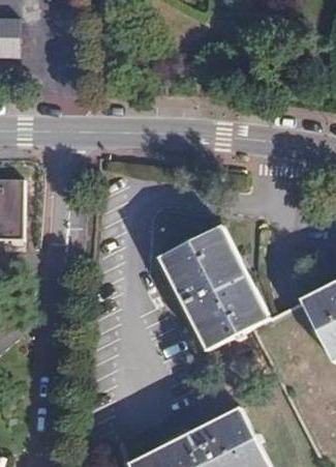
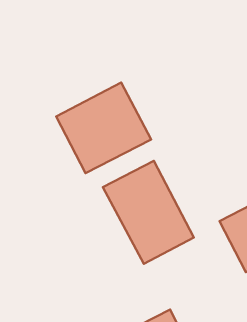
building: none -> [56,83,151,173]

